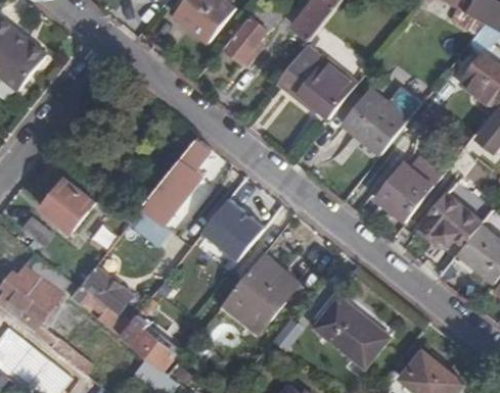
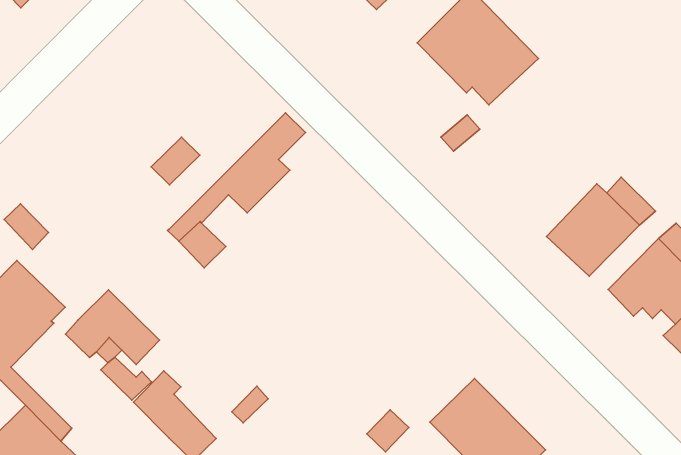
building: [342,89,408,154] -> none
building: [42,179,95,233] -> none
building: [198,193,256,254] -> none
building: [224,255,298,332] -> none

